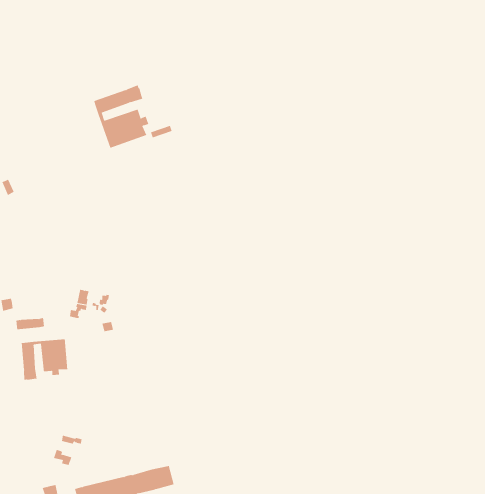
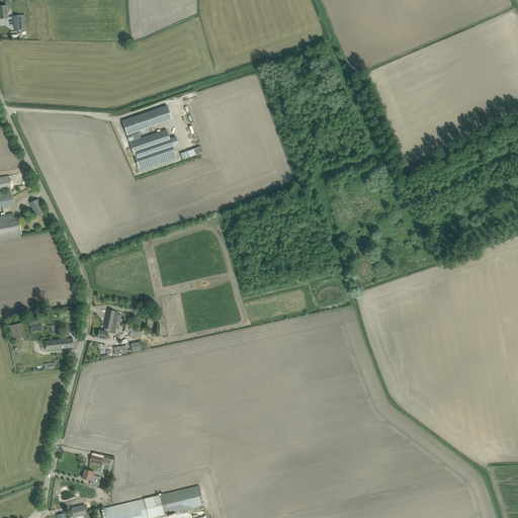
building: [21,338,68,380] -> none

